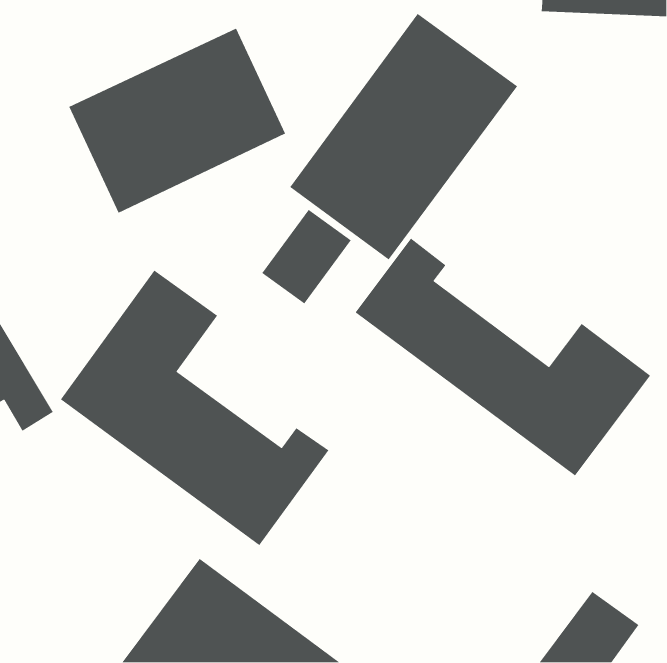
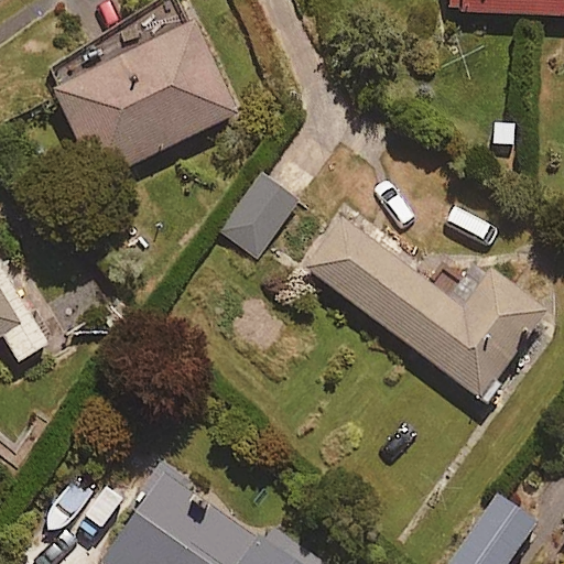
building: [289,13,518,260] -> none
building: [60,270,329,546] -> none

